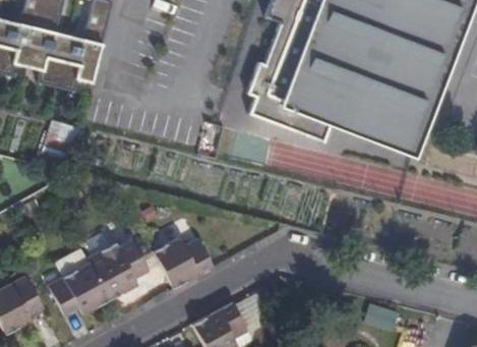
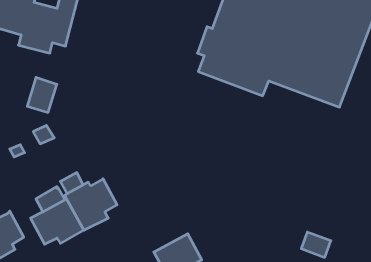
building: [158,236,217,288] -> none

